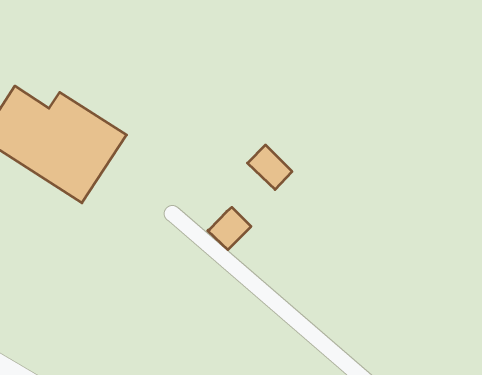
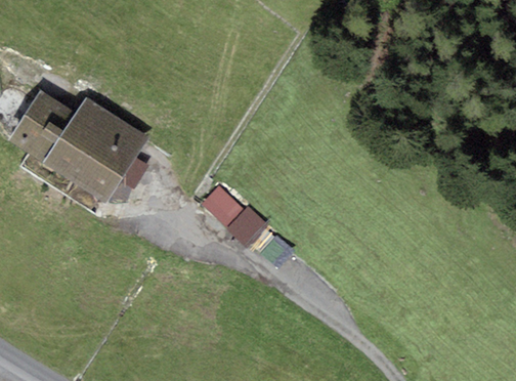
building: [247,145,292,190] -> [202,185,245,228]

